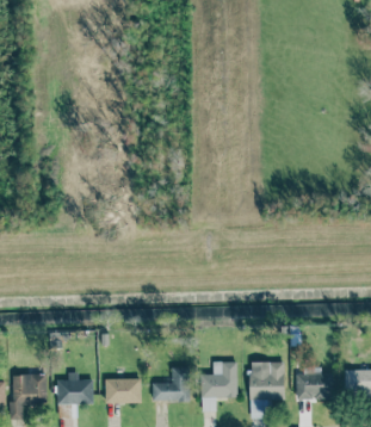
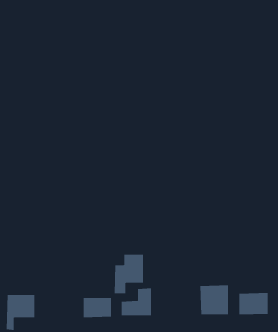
building: [200,361,237,410] -> [114,254,144,294]
building: [57,372,93,404] -> none

